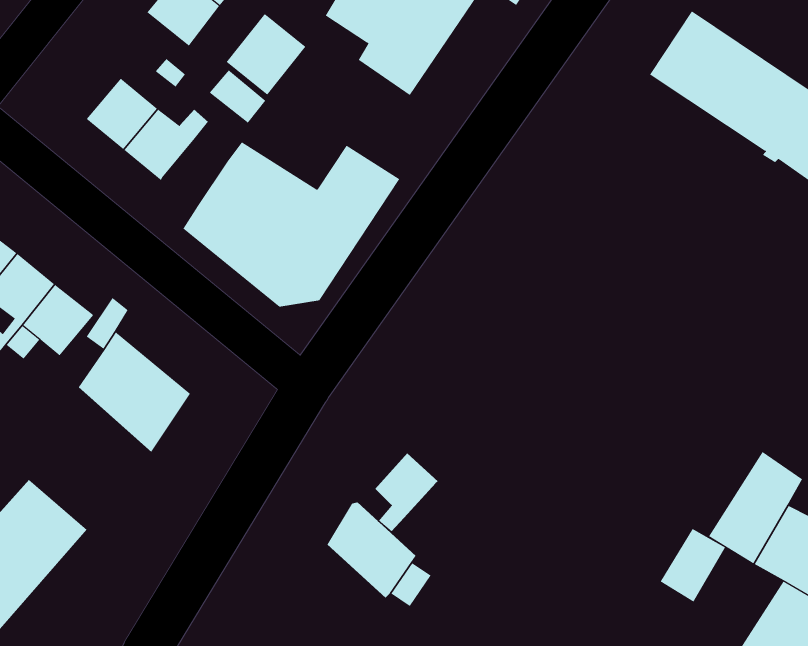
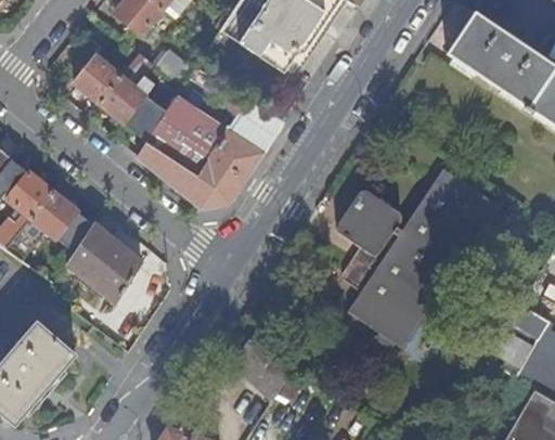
building: [226,13,306,96] -> none
building: none -> [125,95,167,140]
building: none -> [337,168,492,347]
building: [374,452,439,532] -> none
building: [660,528,726,602] -> none

